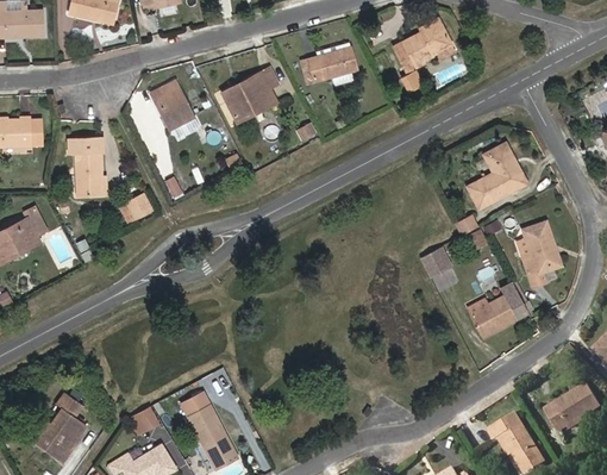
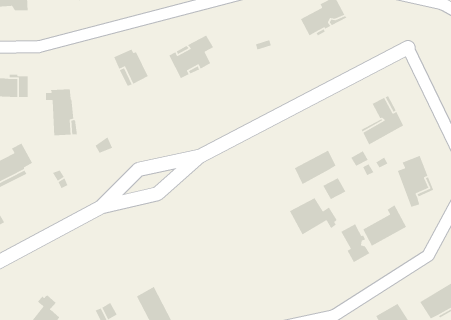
building: [299,42,353,80] -> none
building: none -> [294,150,336,185]
building: none -> [289,197,338,235]
building: none -> [340,223,371,263]

